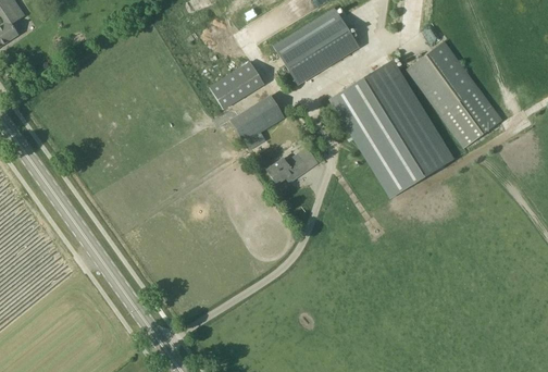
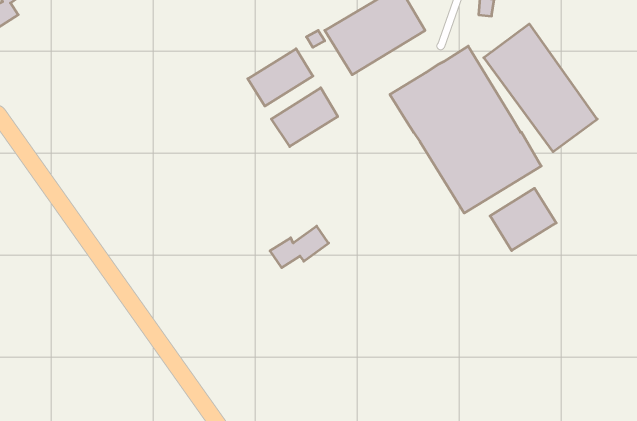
building: [266,148,315,183] -> [270,226,329,268]
building: none -> [490,188,556,251]

